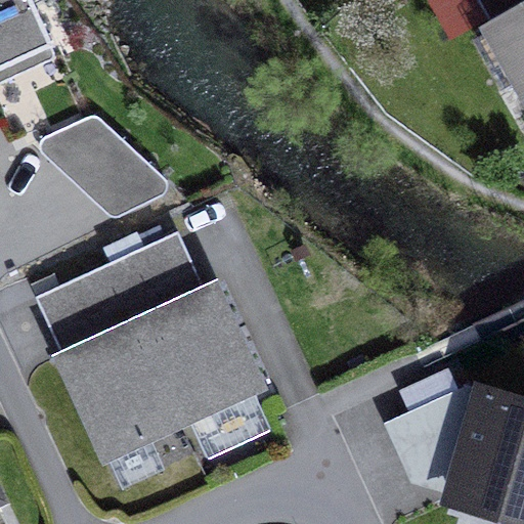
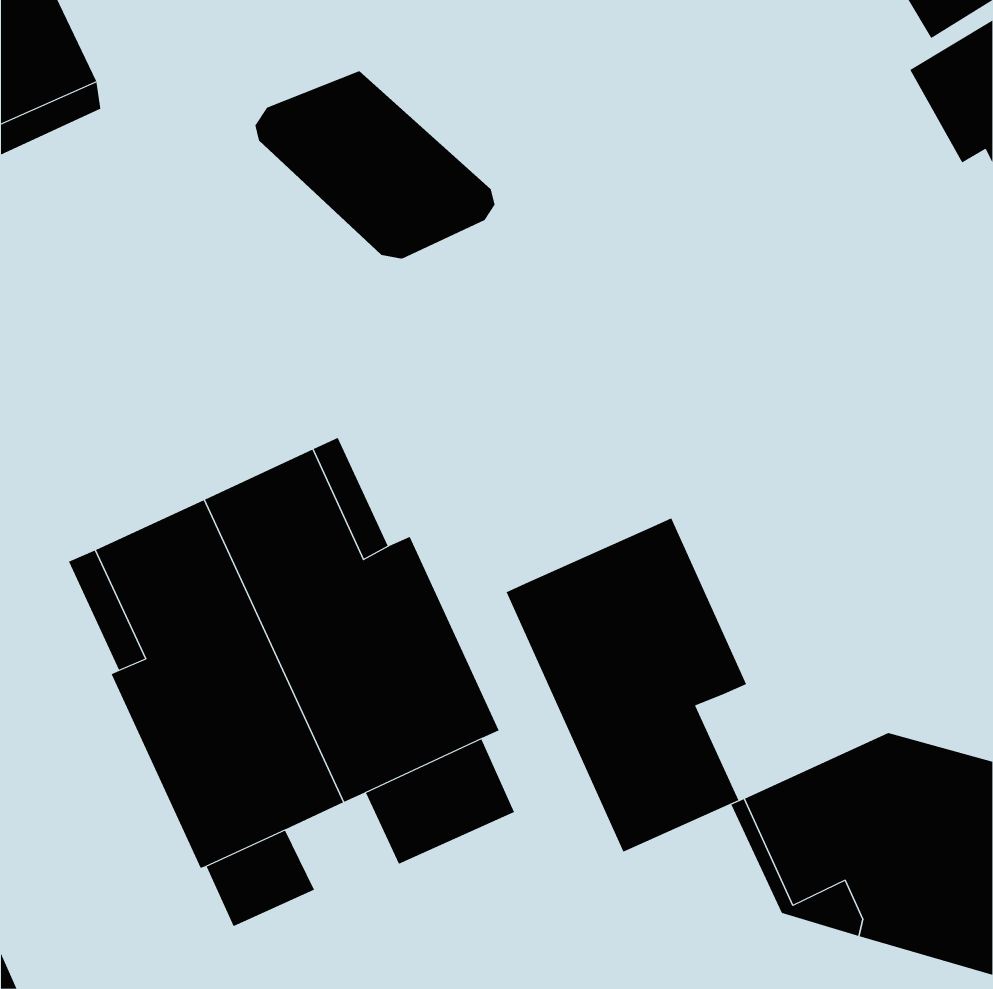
building: [41,116,168,215] -> [254,71,495,259]
building: none -> [506,517,747,853]

